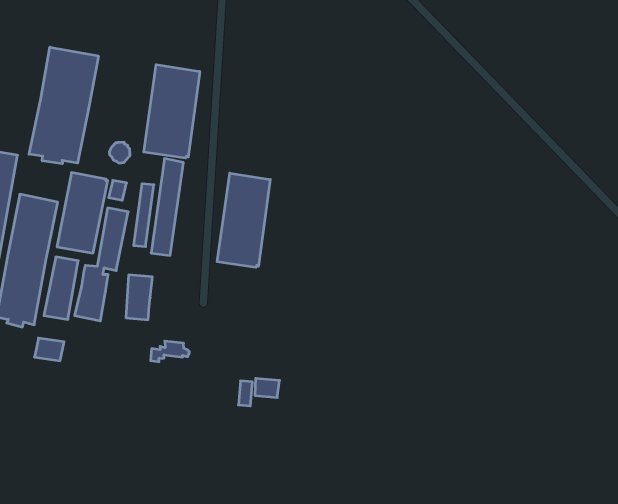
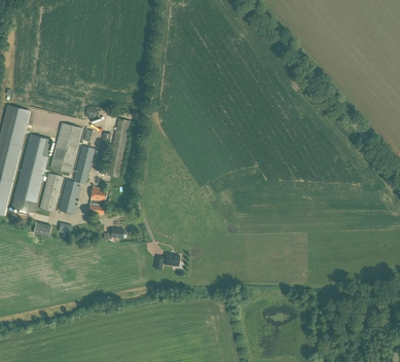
building: [29,47,98,164] -> none
building: [144,65,200,158] -> none
building: [217,173,270,267] -> none

